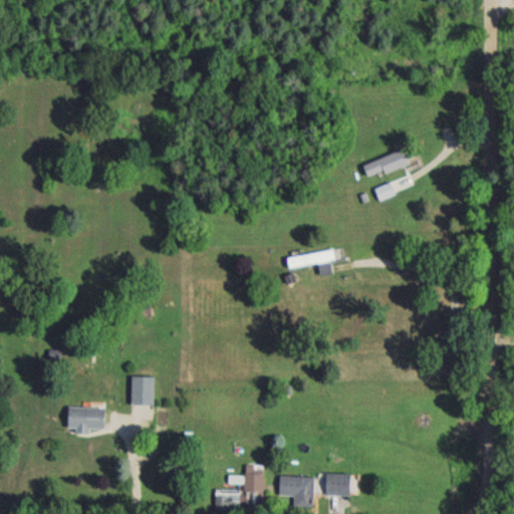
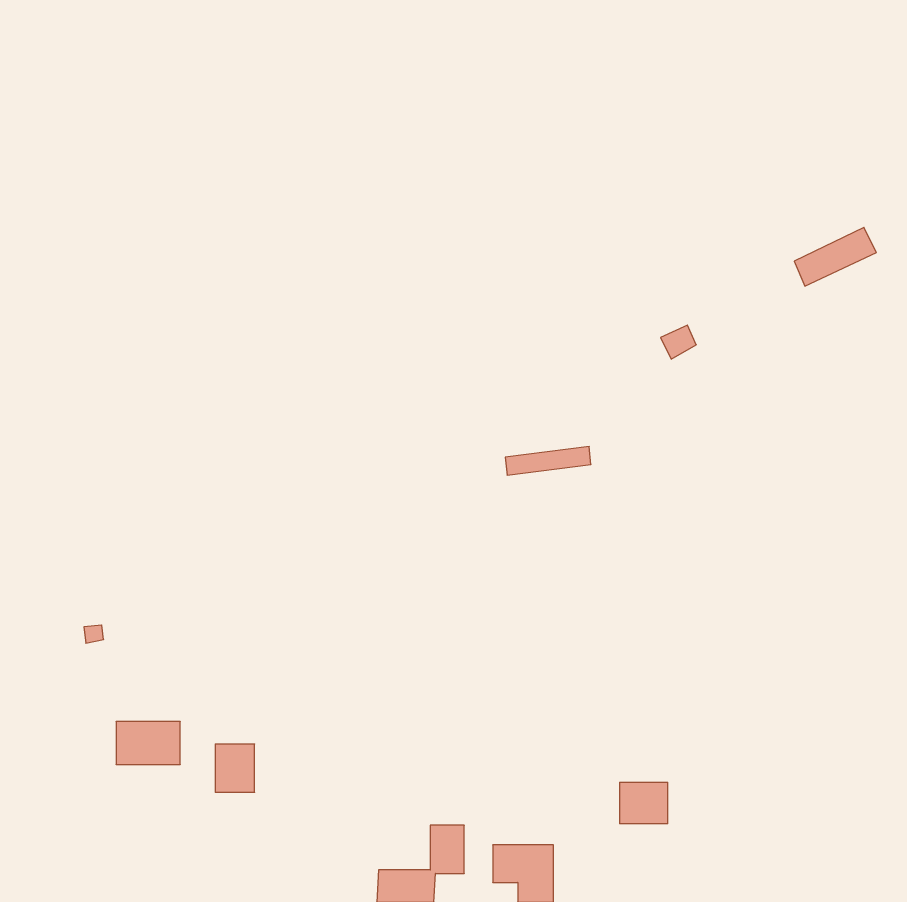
building: [363,148,410,181] -> [794,227,876,286]
building: [132,376,154,404] -> [215,744,255,792]
building: [324,472,351,495] -> [620,782,668,824]

